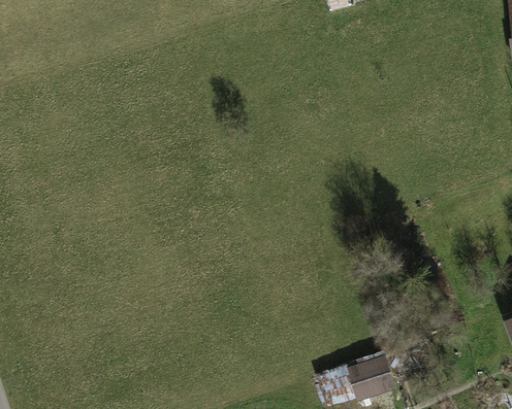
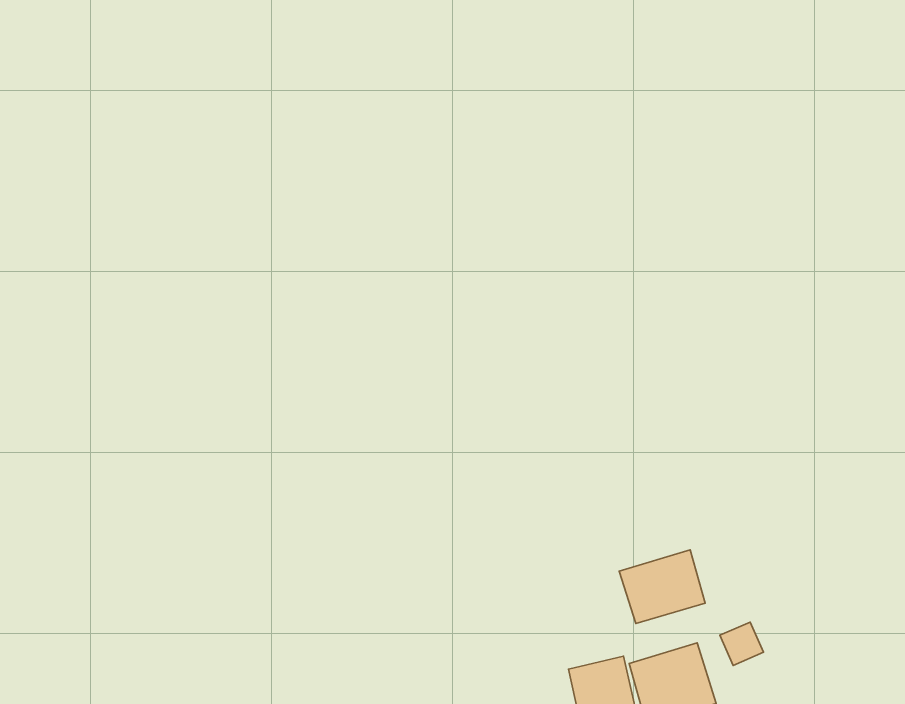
building: none -> [619,550,705,623]

